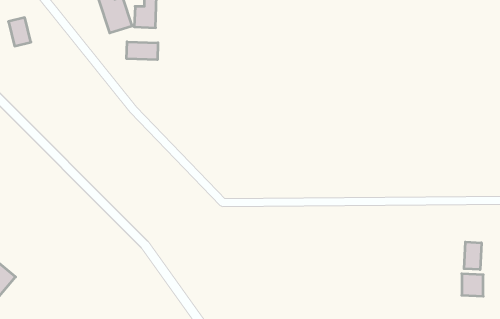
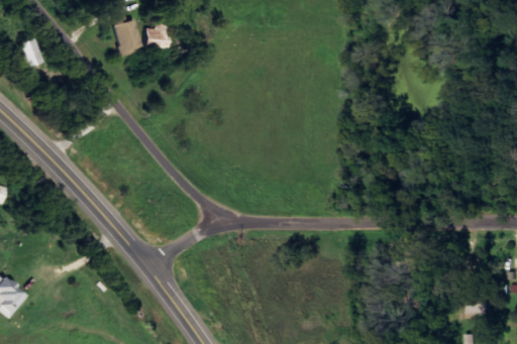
building: [127,42,158,60] -> none
building: [464,242,481,270] -> none

